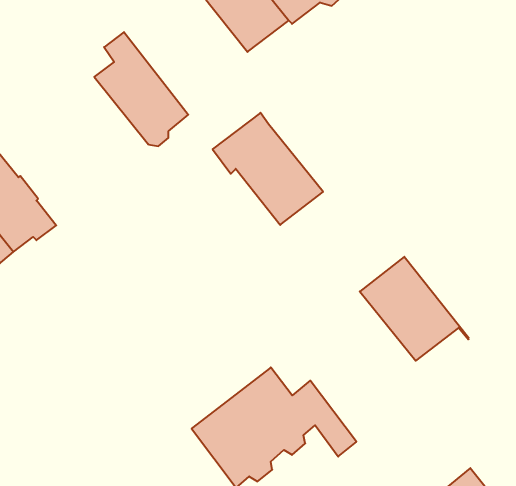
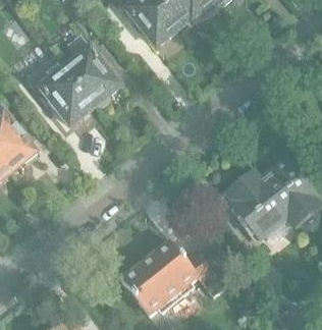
building: [213,113,323,225] -> [25,54,94,123]
building: none -> [252,159,315,222]

